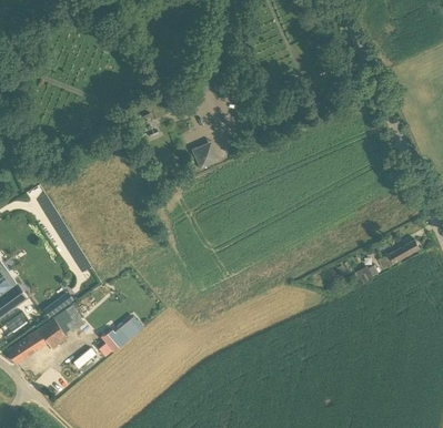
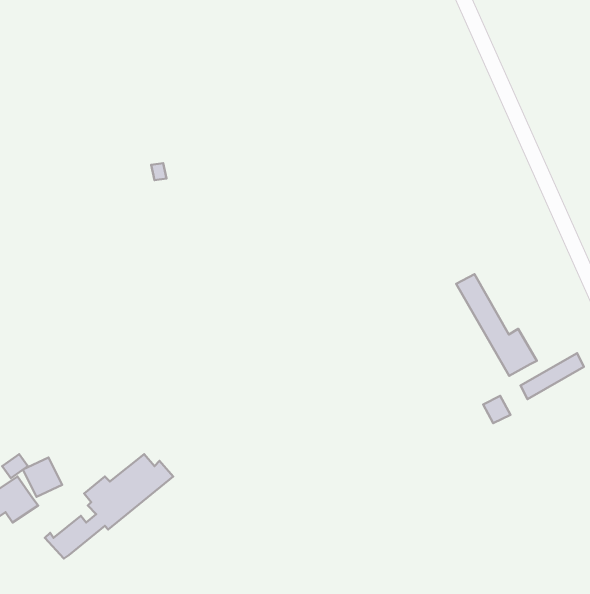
building: [190,141,218,169] -> none
building: none -> [456,274,537,376]

